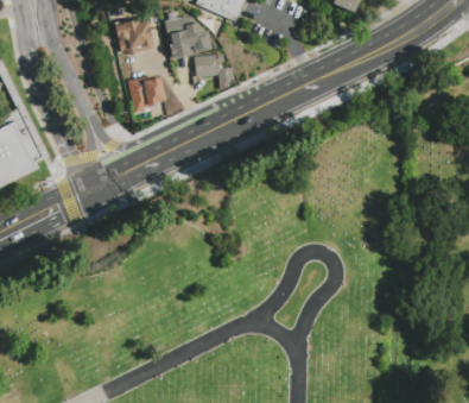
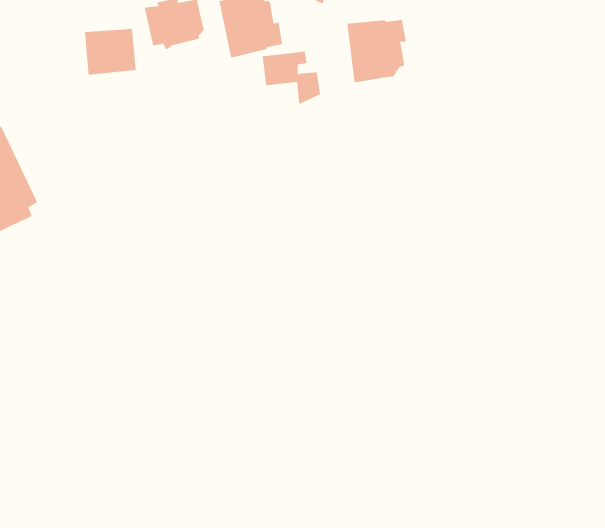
building: none -> [347,19,406,83]
building: [127,74,163,106] -> [84,28,136,75]

